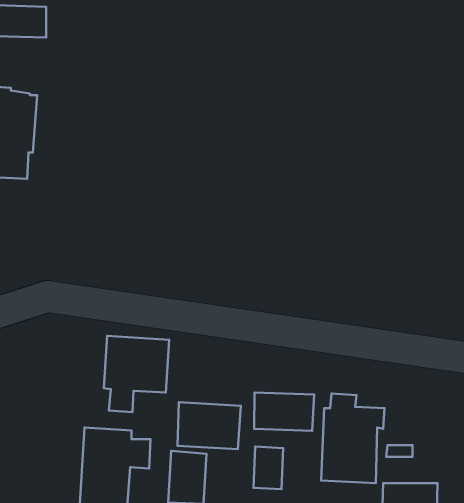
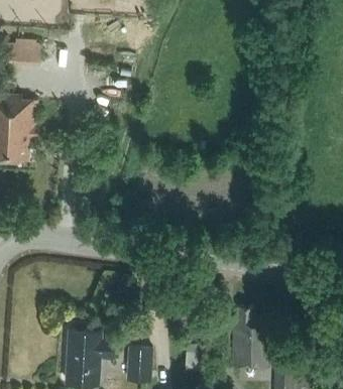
building: [104,336,169,412] -> none
building: [254,392,314,431] -> none
building: [178,402,241,449] -> none

